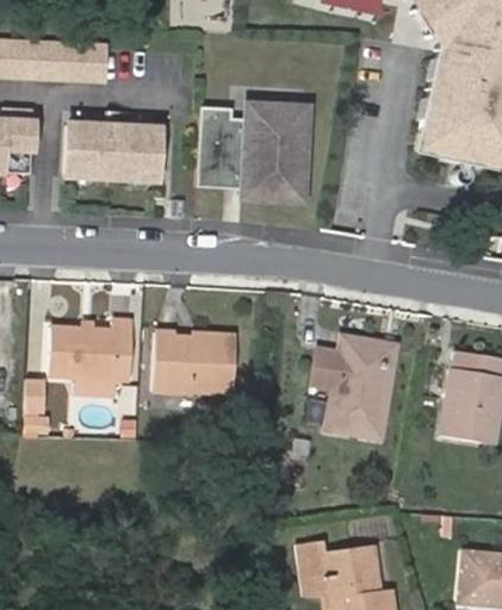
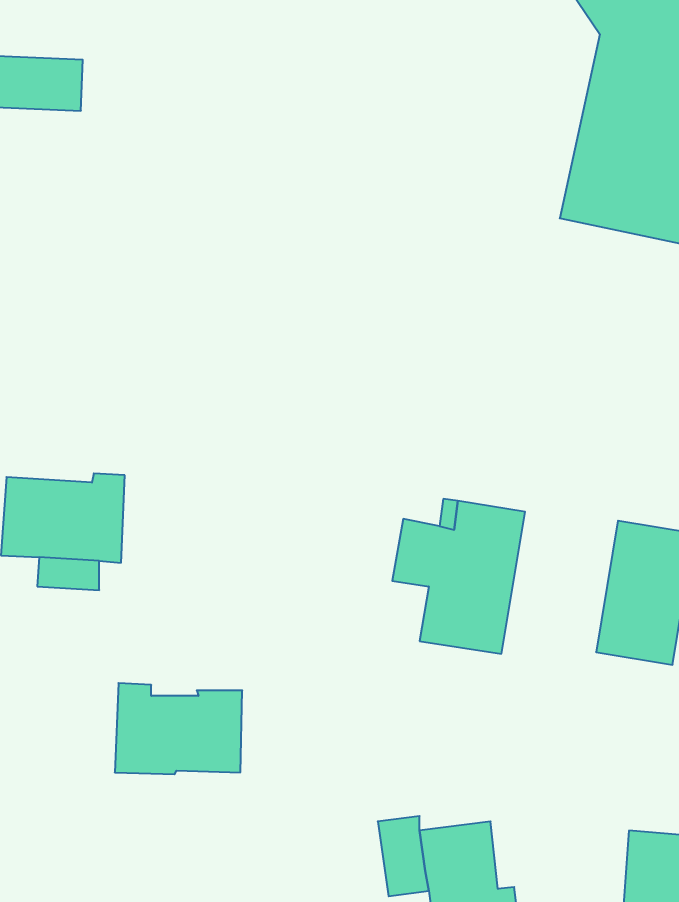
building: [198,104,306,198] -> none
building: [66,125,159,180] -> none
building: [157,329,241,388] -> [115,683,242,774]

